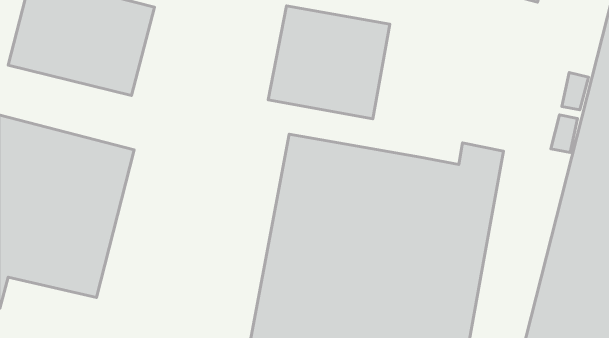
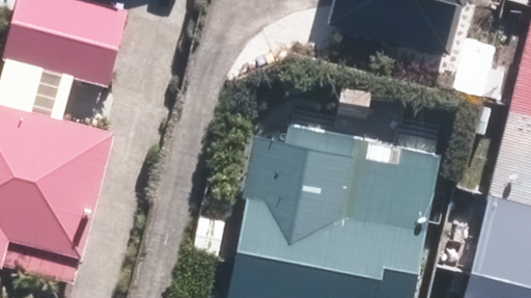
building: [268,6,390,119] -> none

